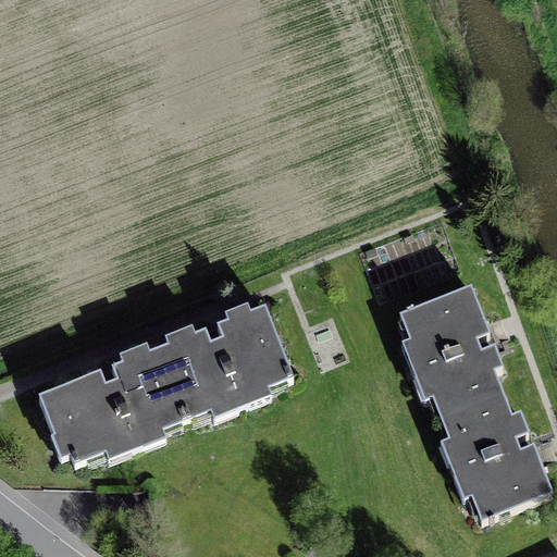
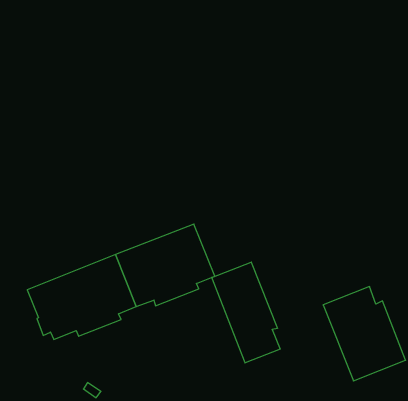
building: [398,284,502,414] -> none
building: none -> [212,262,280,363]

